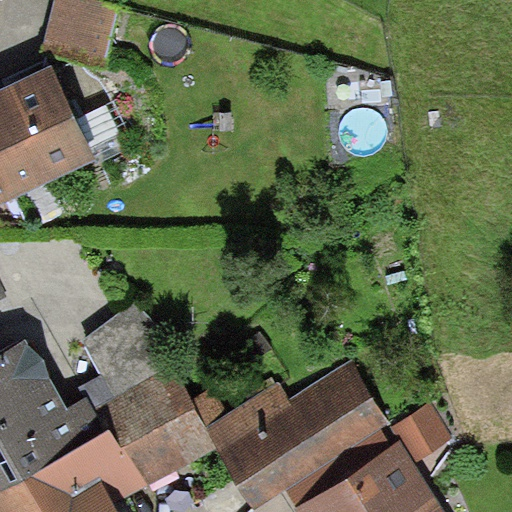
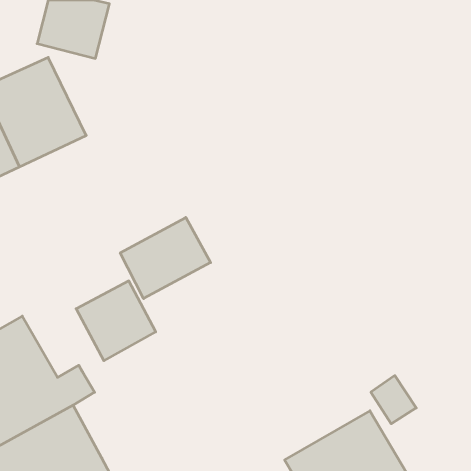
building: none -> [120,217,211,299]
building: [79,361,212,497] -> none
building: [211,371,381,498] -> none

